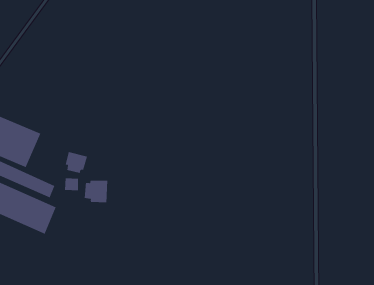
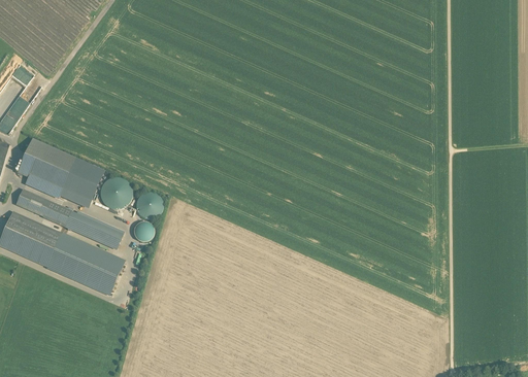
building: none -> [97,175,132,210]
building: [84,180,108,203] -> none

